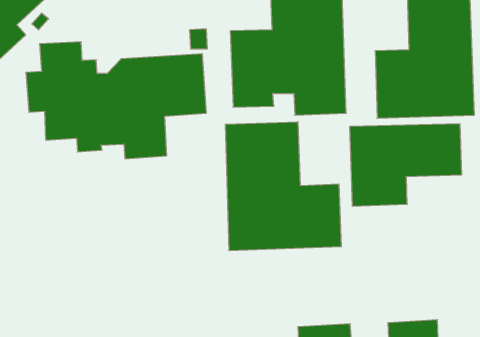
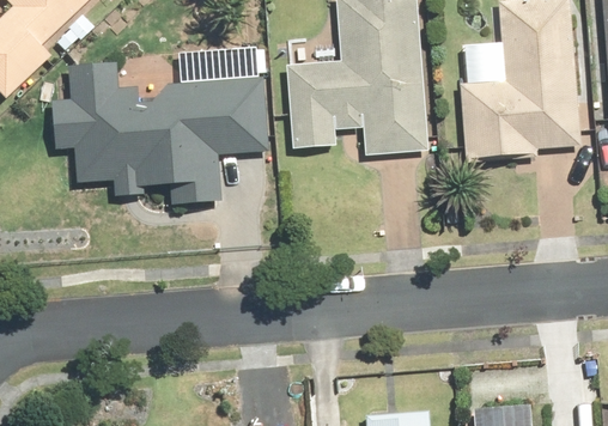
building: [226,122,341,251] -> none
building: [350,124,461,206] -> none

